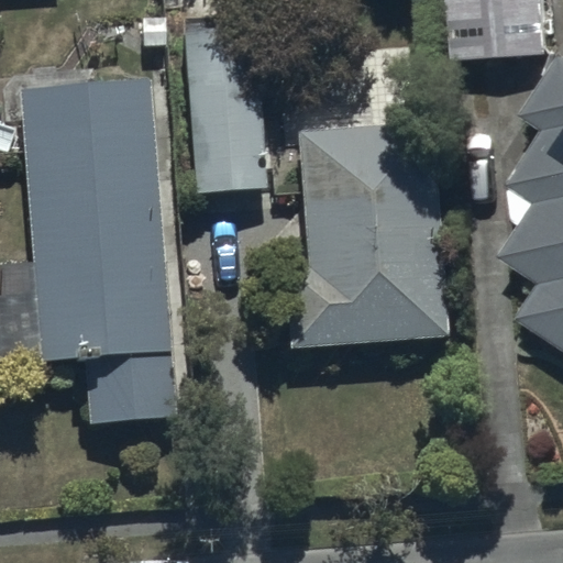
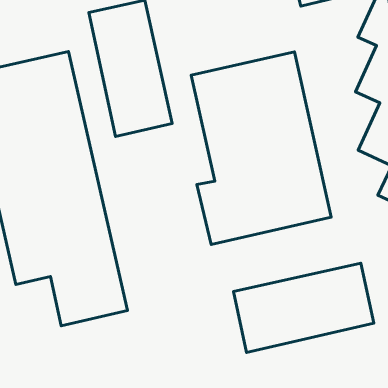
building: none -> [233,263,374,353]

